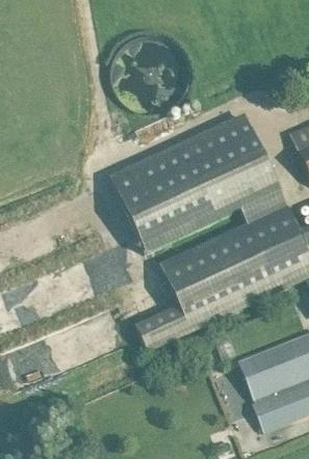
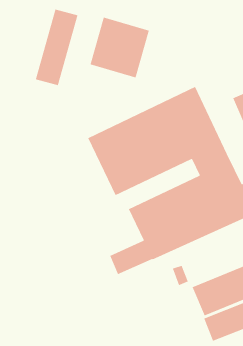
building: none -> [35,8,78,86]

